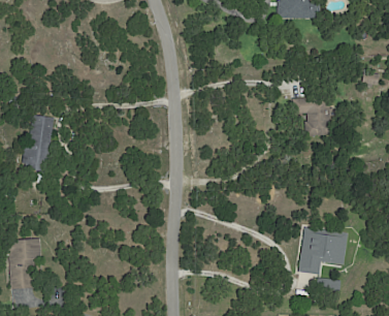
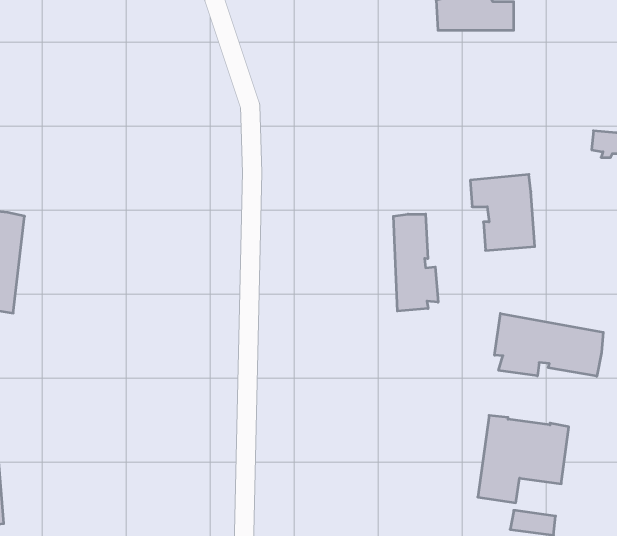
building: none -> [393,214,438,311]
building: none -> [495,313,603,376]

